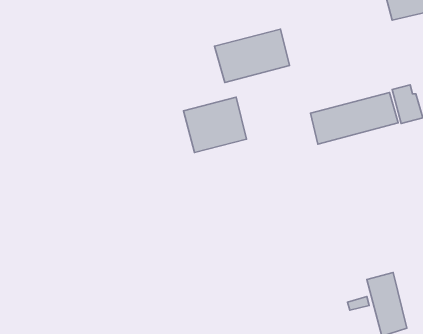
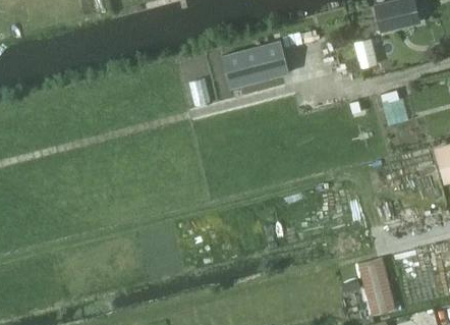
building: [311,92,398,144] -> none
building: [184,97,246,152] -> none

